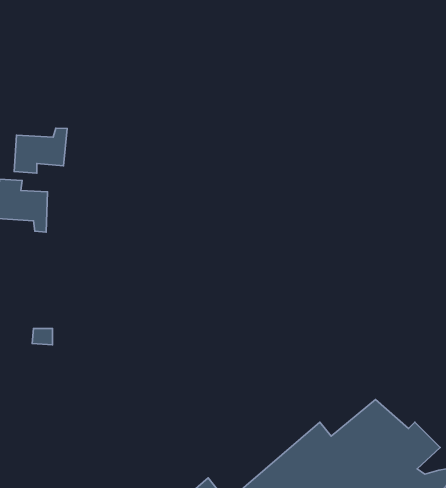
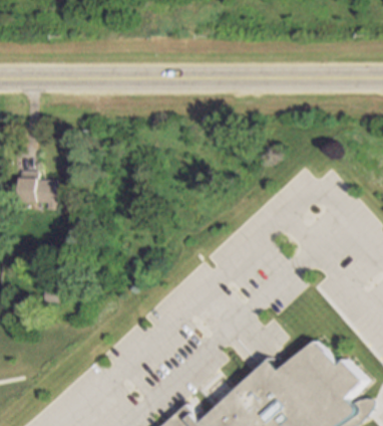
building: [14,128,67,173] -> none

